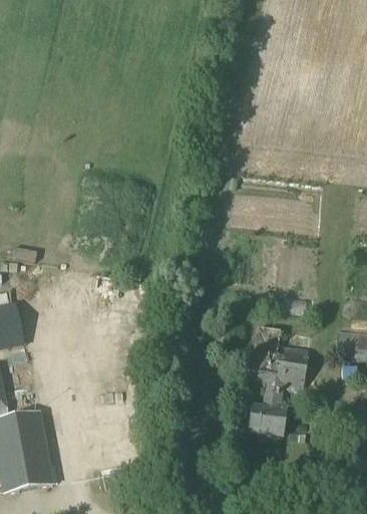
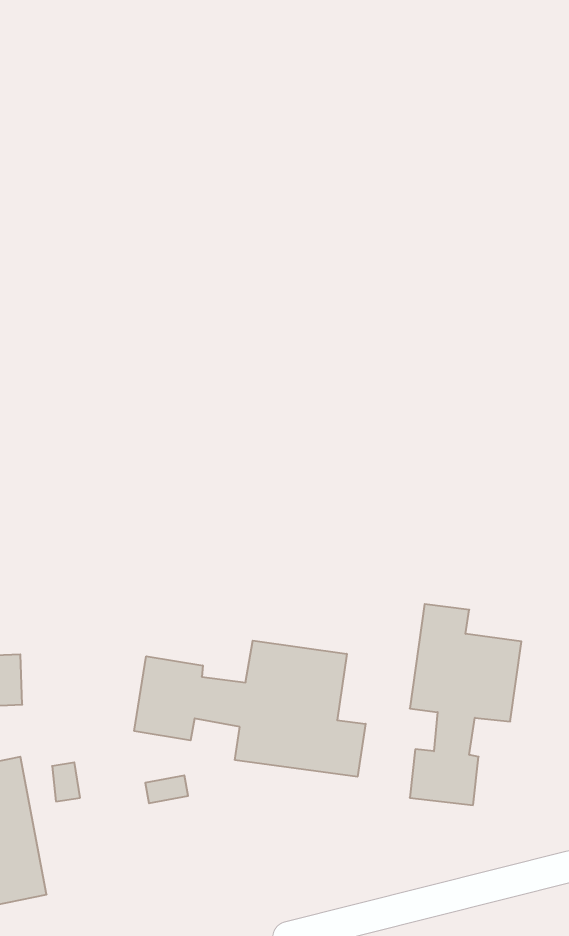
building: none -> [134,641,366,777]

